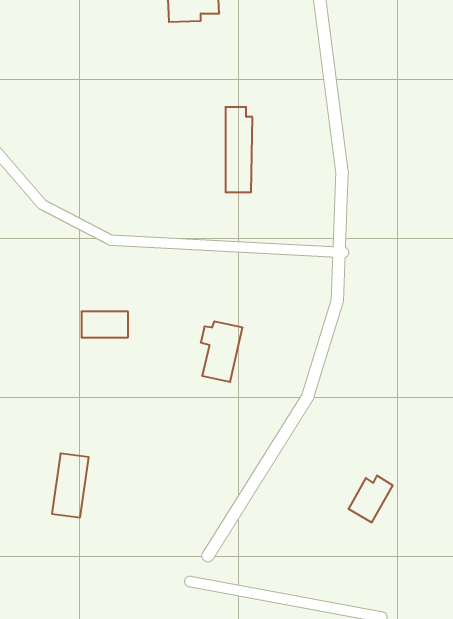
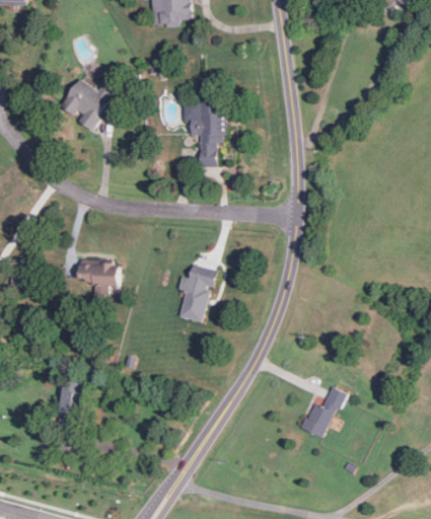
building: none -> [60,77,114,128]

